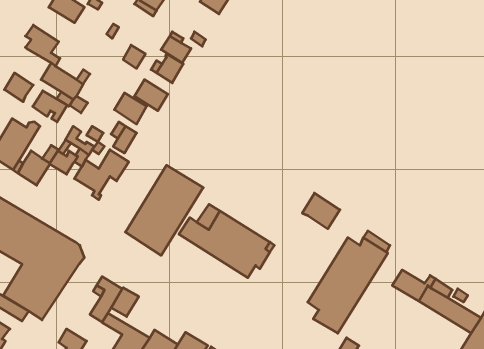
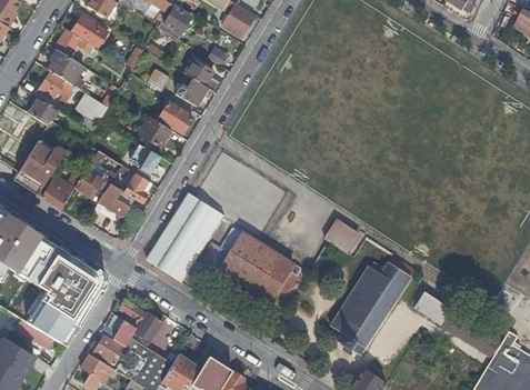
building: none -> [56,30,92,57]
building: [33,91,67,122] -> [39,73,73,104]
building: none -> [93,334,126,366]

